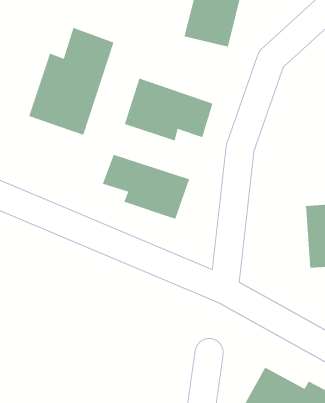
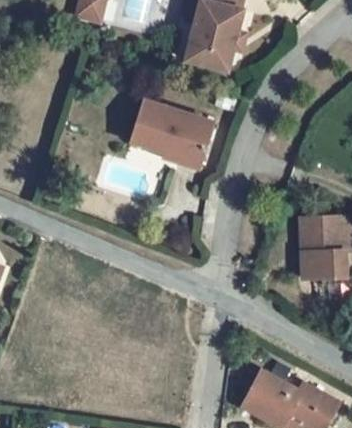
building: [28,27,114,136] -> none
building: [102,154,190,220] -> none

